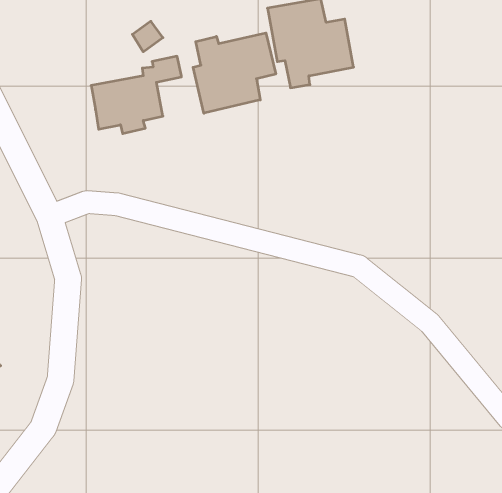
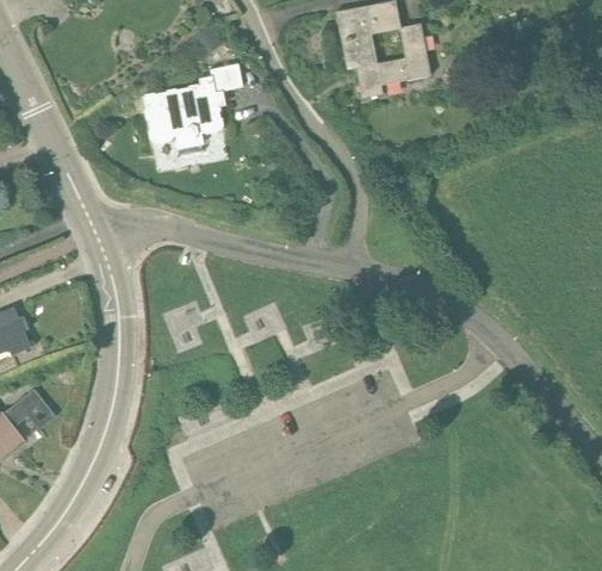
building: [193,33,276,113] -> none

